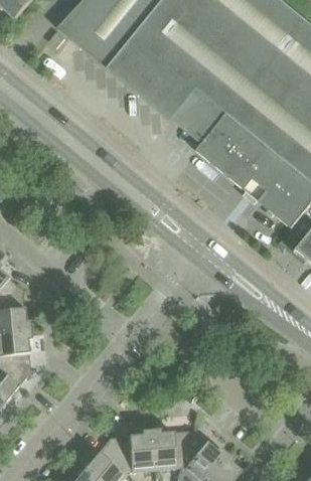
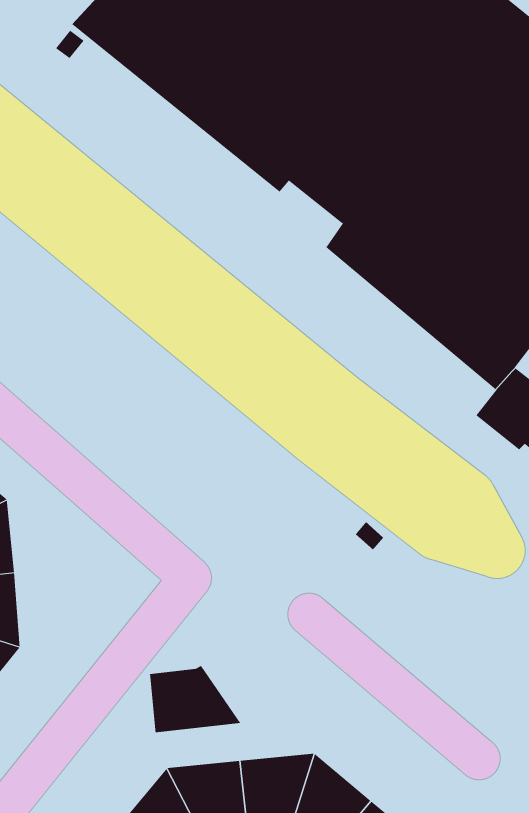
building: none -> [150,665,241,733]

